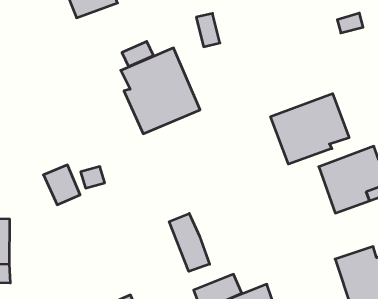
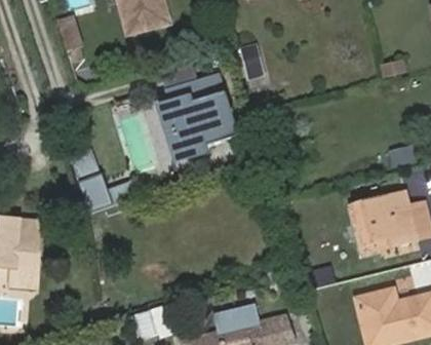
building: [271,94,349,164] -> none
building: [169,213,210,271] -> none

